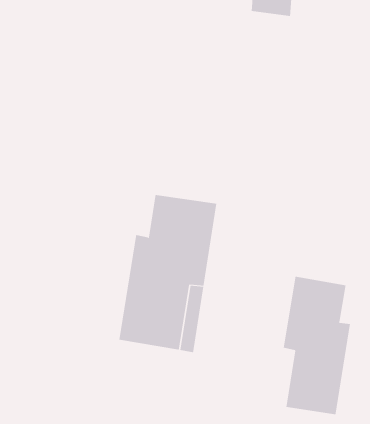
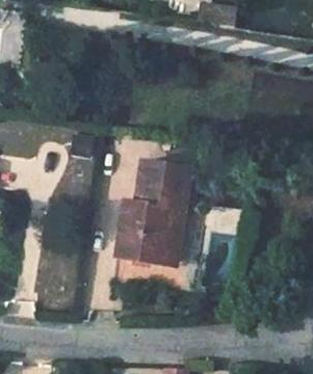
building: [283,276,351,415] -> none

